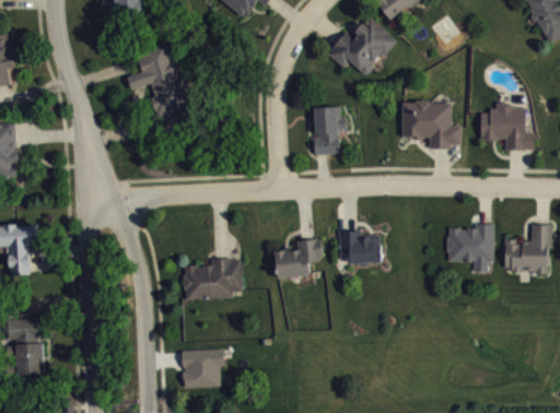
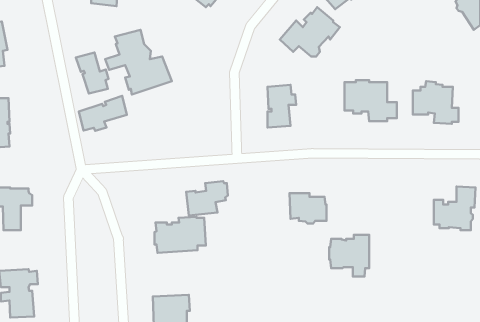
building: none -> [76,53,108,94]
building: none -> [79,96,127,131]
building: [447,223,493,271] -> [329,235,369,277]
building: [275,238,323,278] -> [186,181,228,215]

